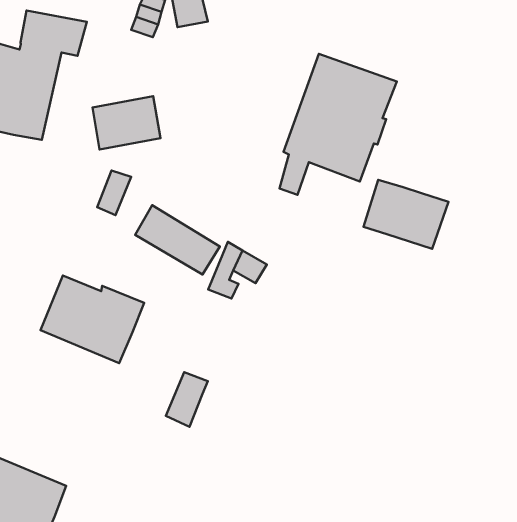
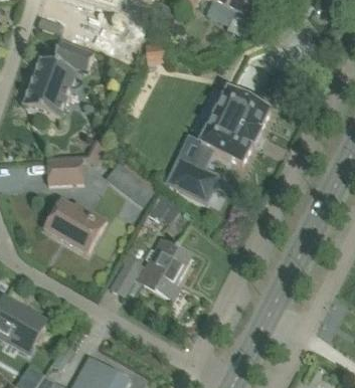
building: [92,96,160,150] -> [45,157,82,184]
building: [364,180,448,249] -> [167,157,218,201]
building: none -> [136,237,191,299]

